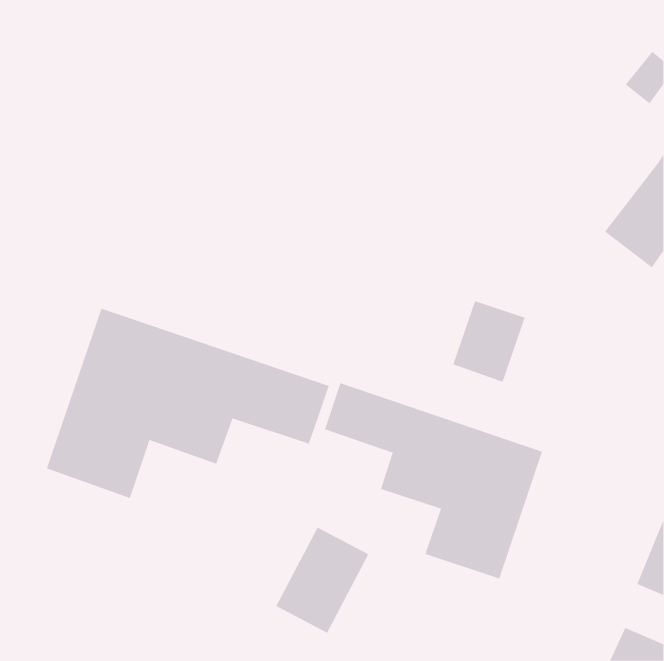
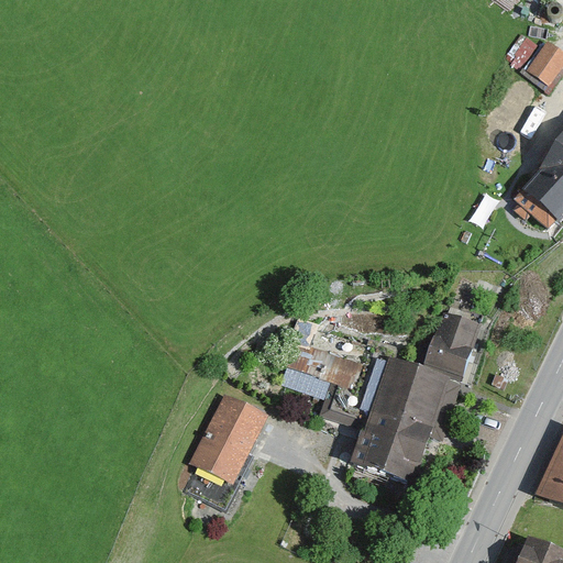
building: [452,301,525,383] -> [423,310,485,379]
building: [46,308,330,499] -> none
building: [275,527,369,633] -> [190,397,269,487]

